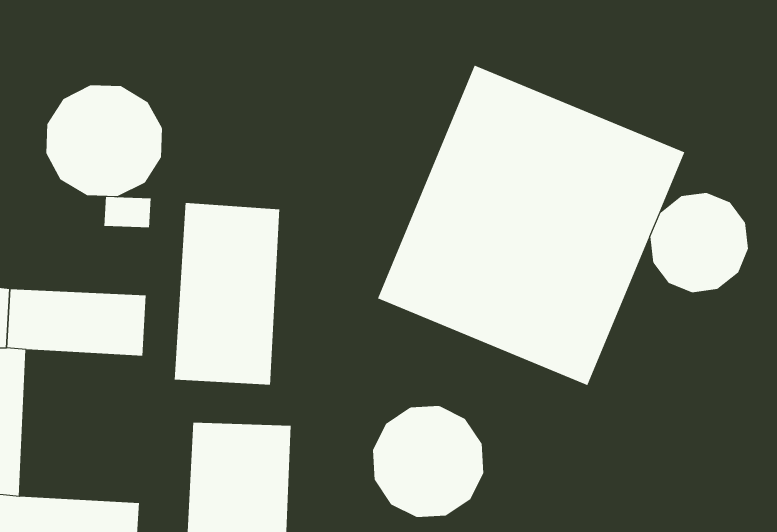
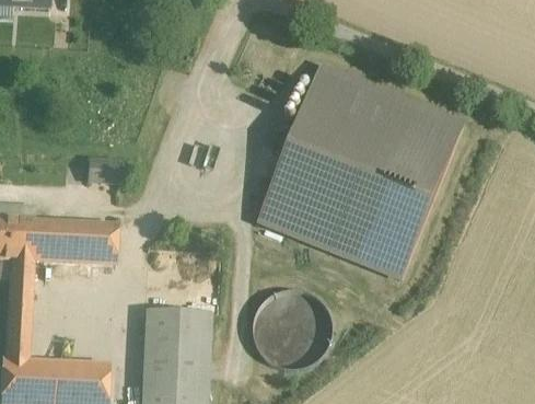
building: [46,85,162,197] -> none
building: [650,192,749,293] -> none
building: [174,202,280,385] -> none

